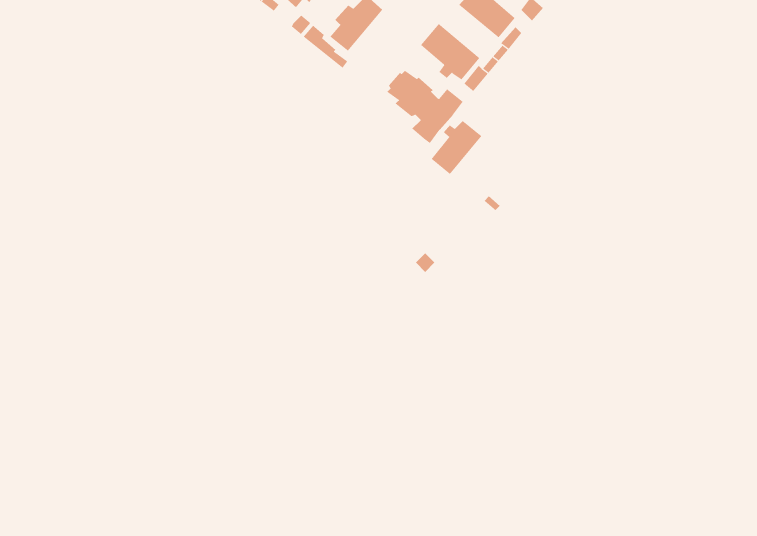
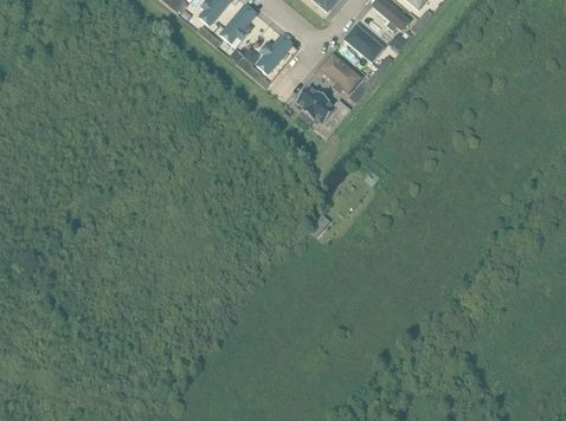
building: [431,120,482,175] -> none

